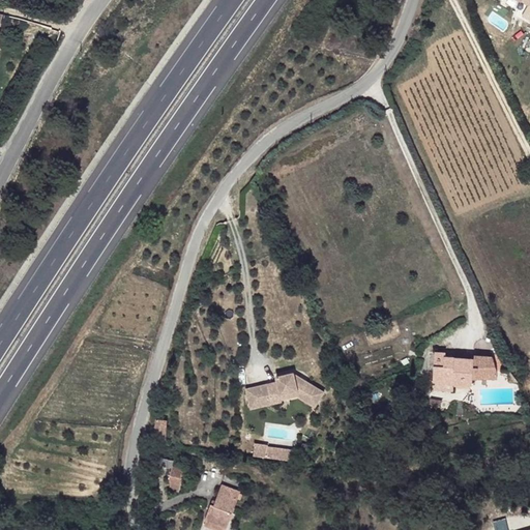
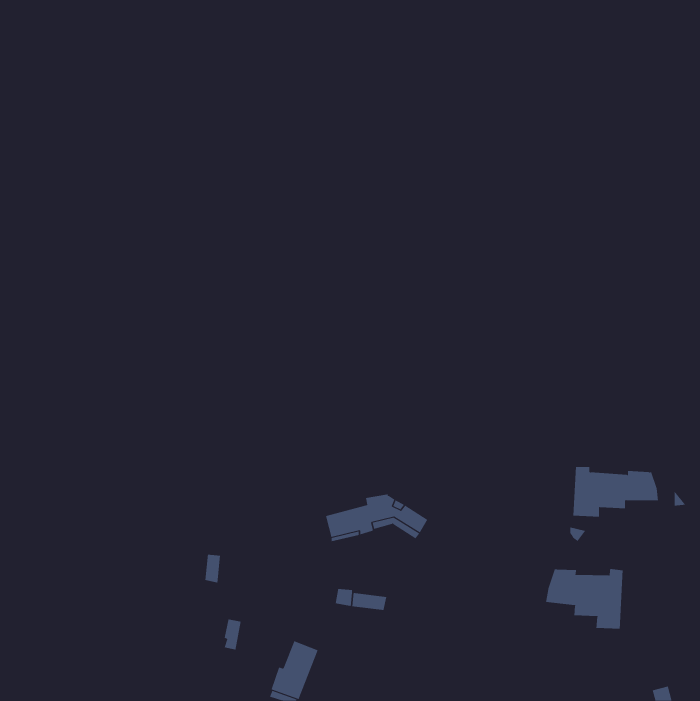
building: none -> [546,568,623,630]

